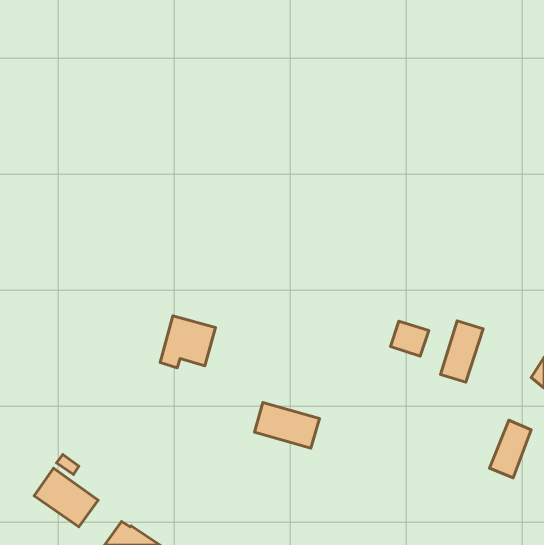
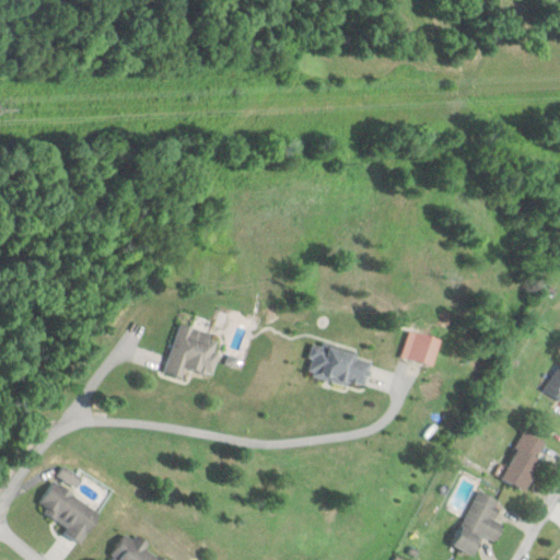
building: [441,321,483,382] -> none
building: [254,402,319,448] -> [305,342,372,389]
building: none -> [453,490,503,555]

